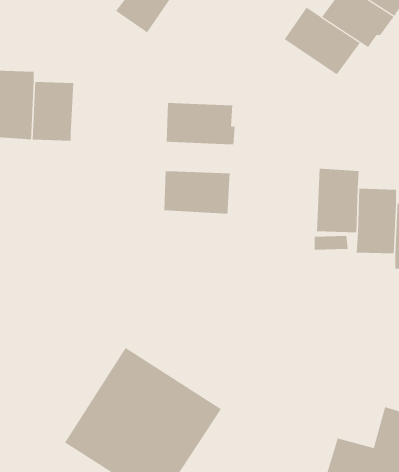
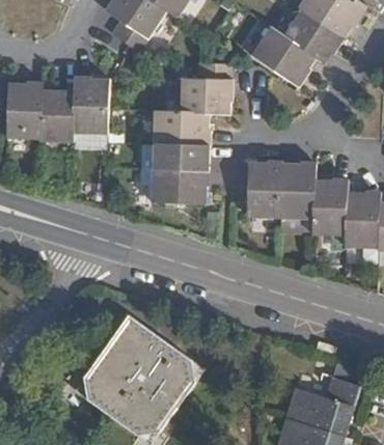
building: none -> [181,63,231,112]
building: none -> [75,78,111,136]
building: none -> [156,142,209,168]
building: none -> [229,163,281,235]

